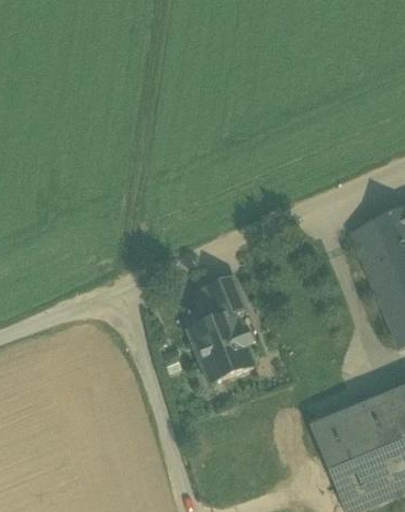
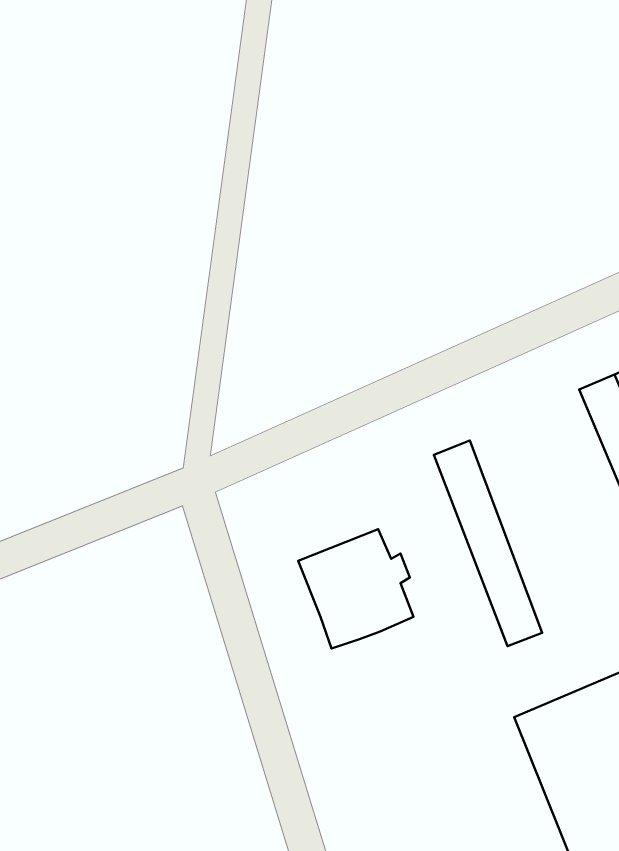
building: none -> [434,440,542,646]
building: [200,277,245,321] -> none

